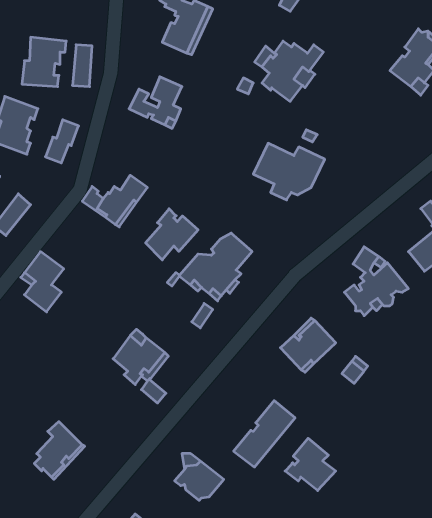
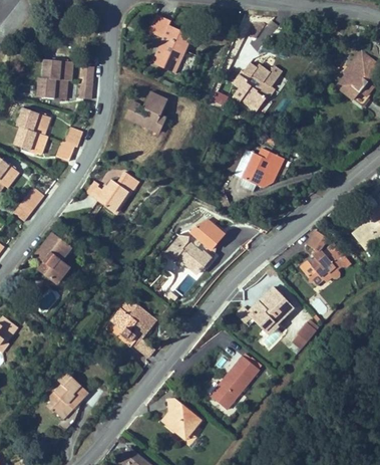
building: [146,209,198,260] -> none
building: [285,438,336,491] -> none

